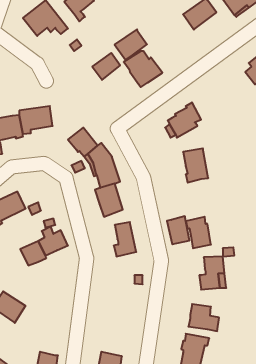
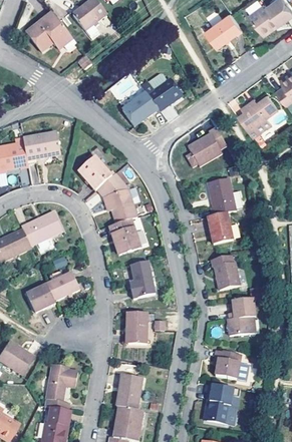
building: [115,29,147,60] -> [122,90,159,124]
building: none -> [238,95,278,138]
building: none -> [22,209,63,244]
building: [167,216,189,244] -> [208,212,233,244]
building: none -> [125,311,147,344]
building: none -> [43,362,76,409]
building: none -> [114,374,141,409]

